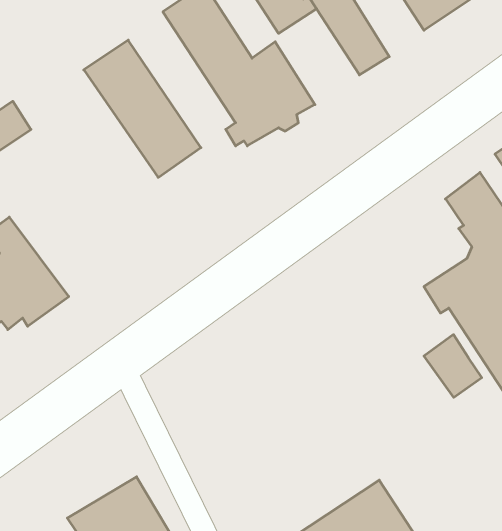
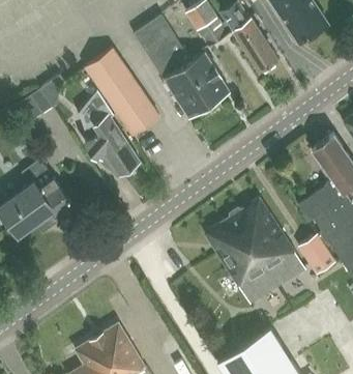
building: none -> [82,94,139,177]
building: none -> [204,198,305,304]

